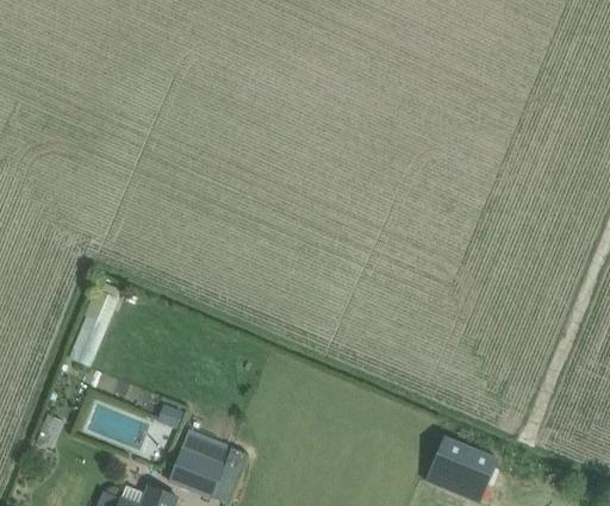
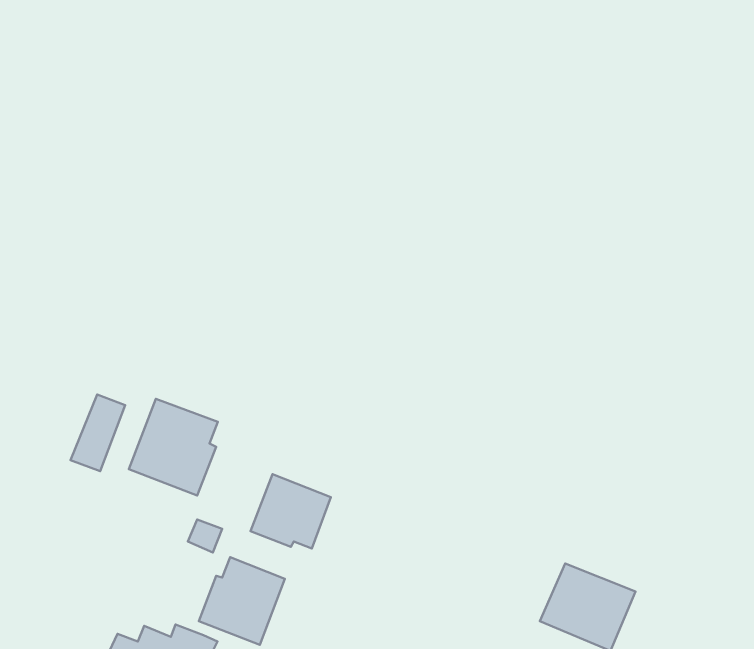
building: none -> [129,399,218,495]
building: none -> [250,474,331,549]

